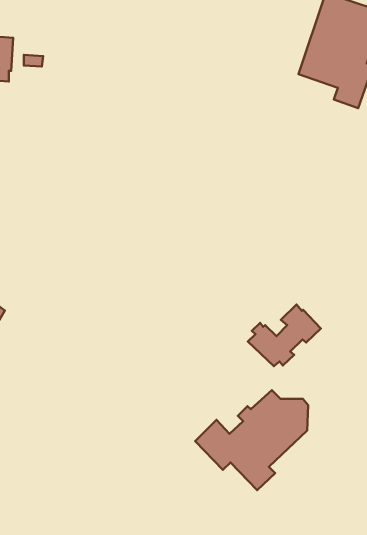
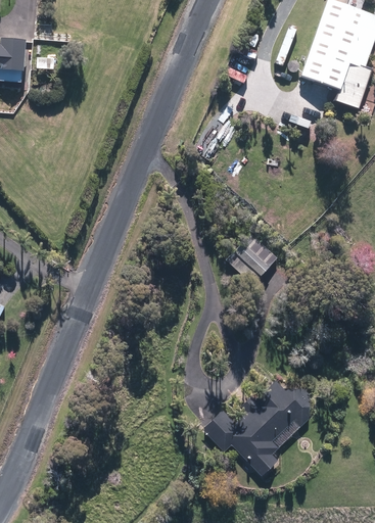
building: none -> [226,233,277,284]
building: [248,304,321,366] -> none

